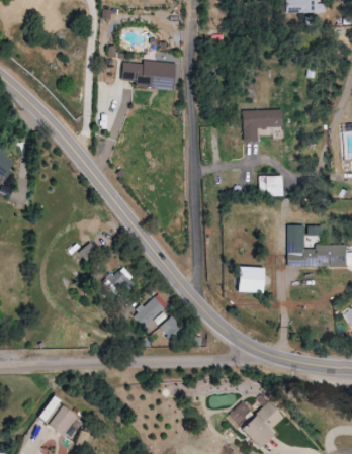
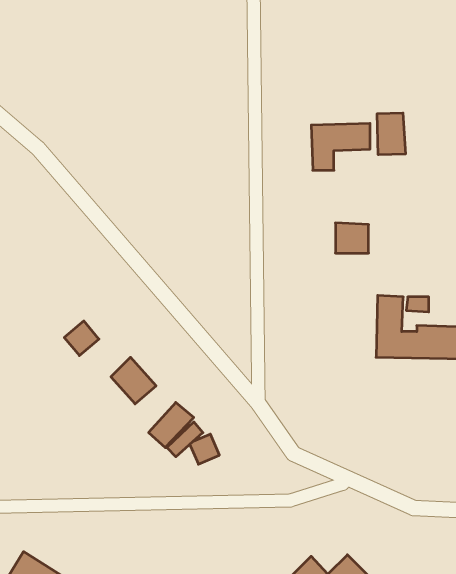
building: [121,60,176,89] -> none
building: none -> [377,113,405,155]
building: [237,267,263,293] -> none

